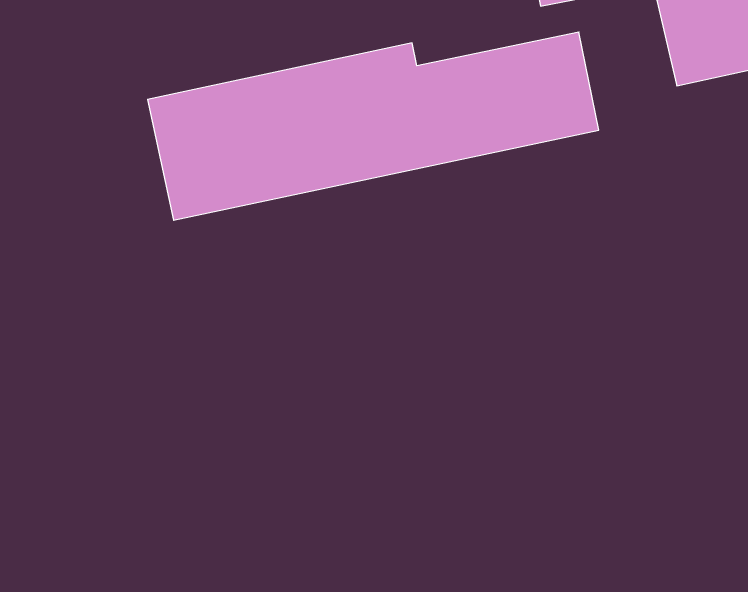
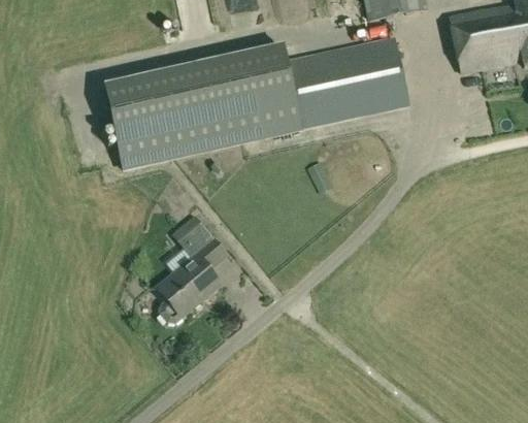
building: none -> [155,220,227,322]

